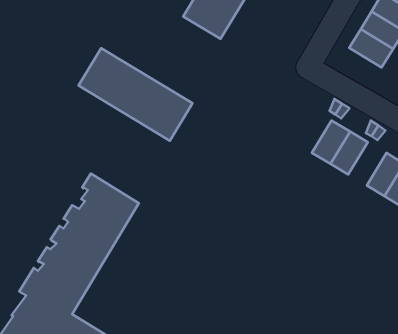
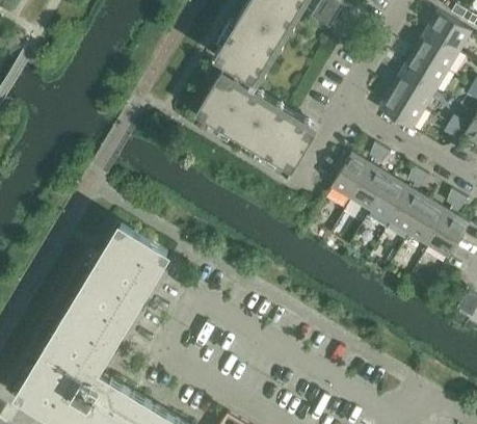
building: none -> [378,89,424,130]
building: [79,48,192,141] -> [195,74,316,171]
building: none -> [330,154,371,201]
building: none -> [389,189,429,235]

